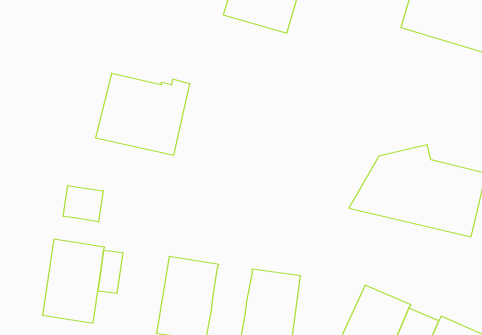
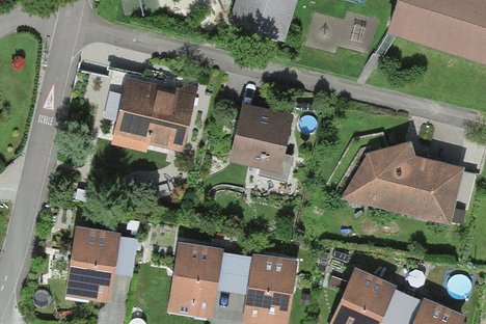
building: none -> [228,102,293,172]
building: [63,185,103,222] -> none
building: none -> [217,252,253,293]

